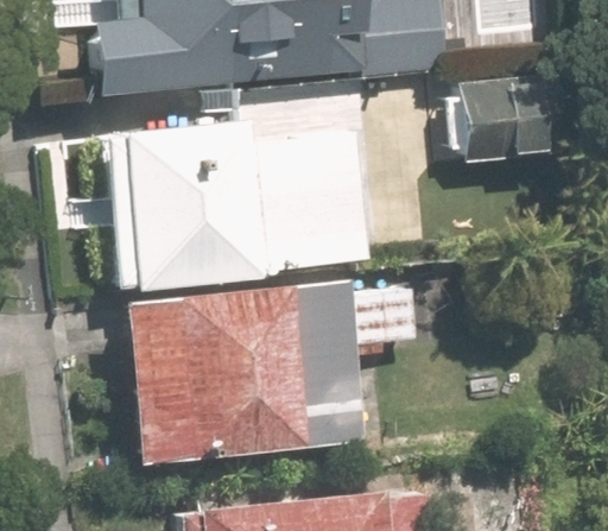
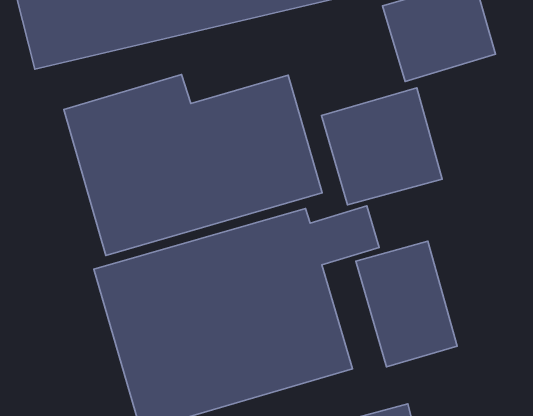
building: none -> [322,88,442,205]
building: none -> [356,241,457,367]

